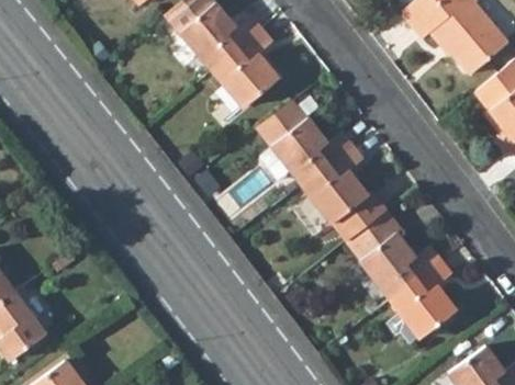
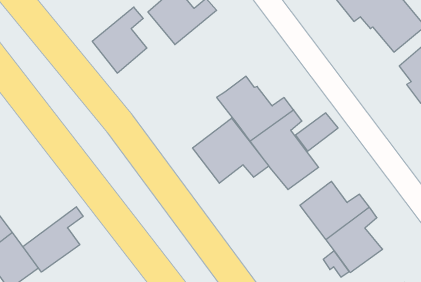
building: [210,27,275,105] -> [92,7,147,73]
building: none -> [193,118,269,183]
building: [344,213,394,258] -> [295,113,338,151]
building: none -> [23,207,83,272]

